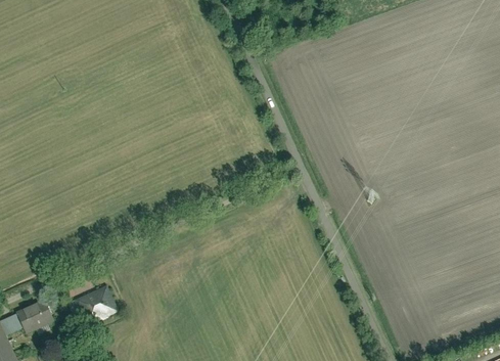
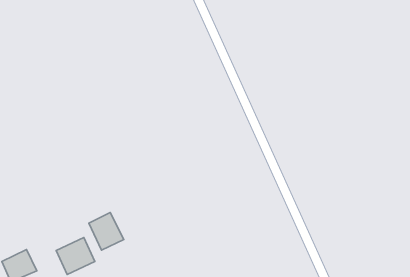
building: none -> [89,213,124,250]

